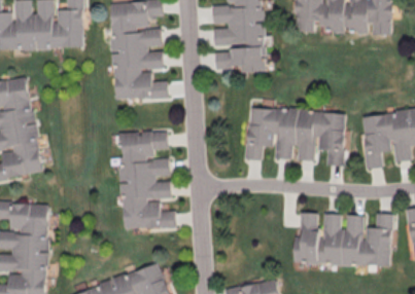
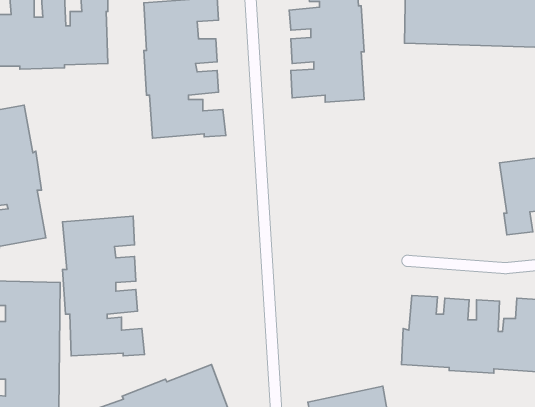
building: [245,107,347,166] -> none
building: [115,128,174,228] -> [63,216,145,356]

